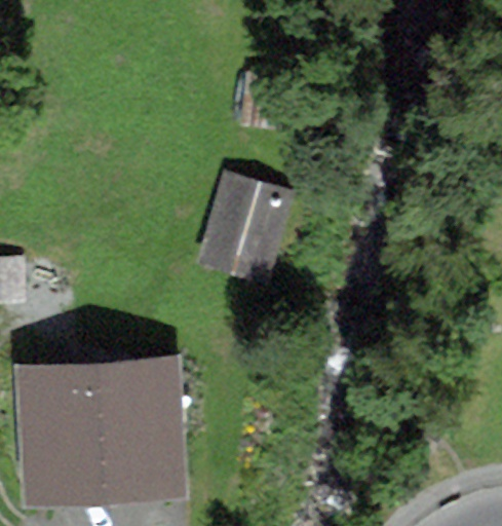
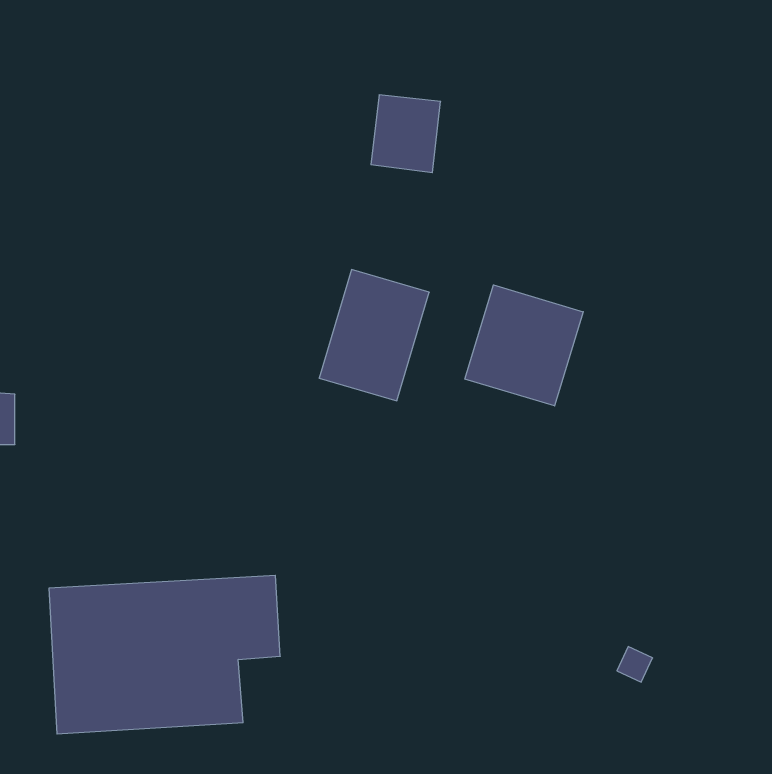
building: none -> [465,285,583,406]

